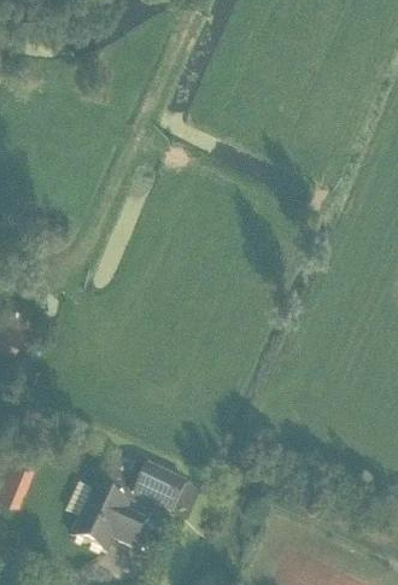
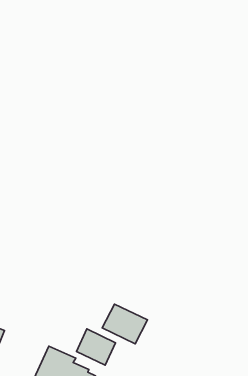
building: none -> [102,304,147,344]

